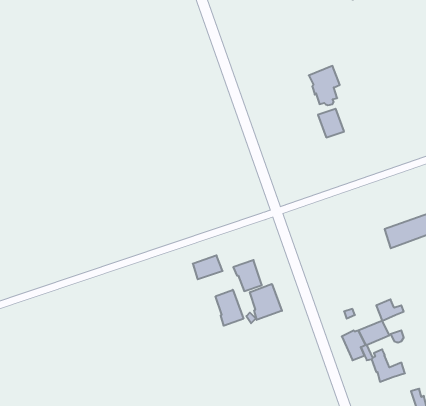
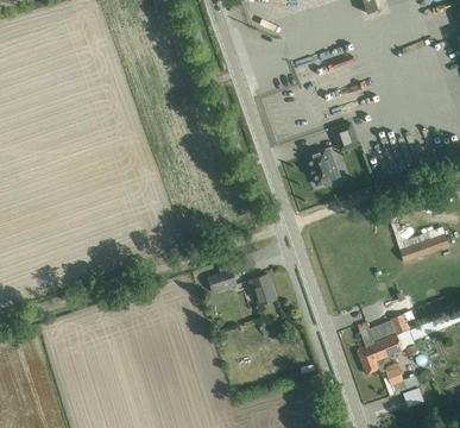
building: [309,66,340,105] -> [307,147,338,187]
building: [250,284,282,320] -> none
building: [216,290,243,326] -> none

